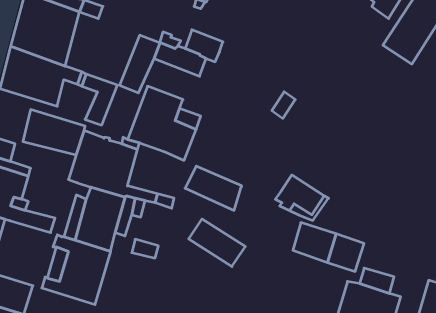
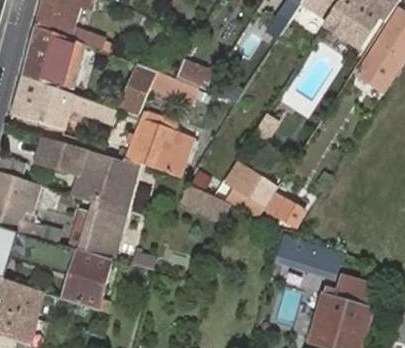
building: [189,219,245,267] -> [226,163,277,206]

